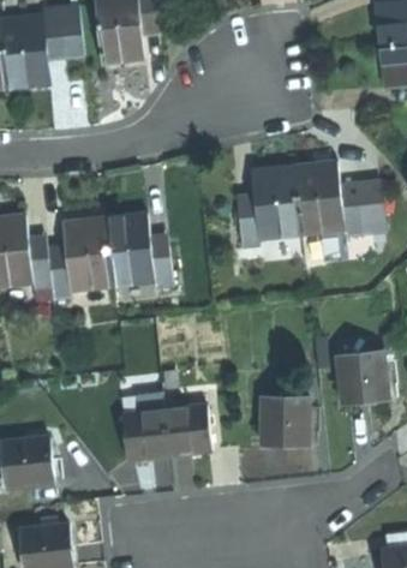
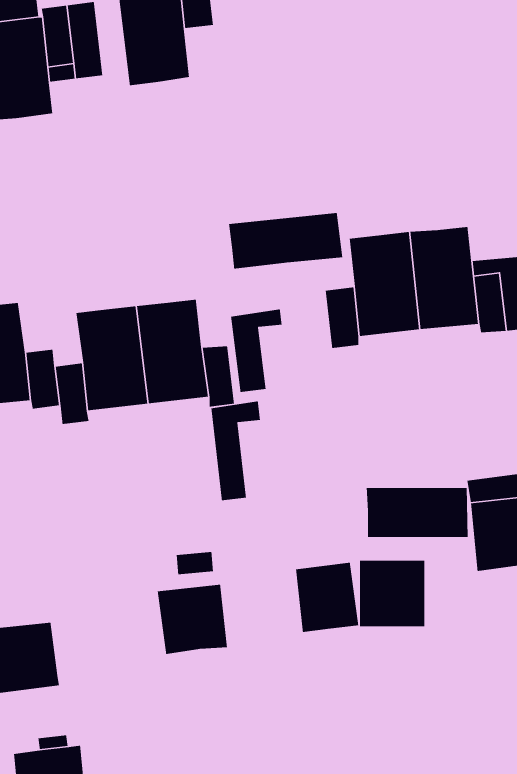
building: none -> [228,212,343,269]
building: none -> [230,309,282,393]
building: none -> [210,401,261,501]
building: none -> [366,487,469,538]
building: [164,407,209,456] -> [295,562,359,633]

